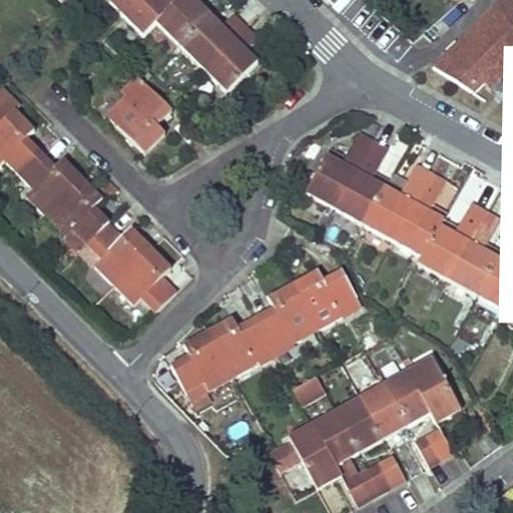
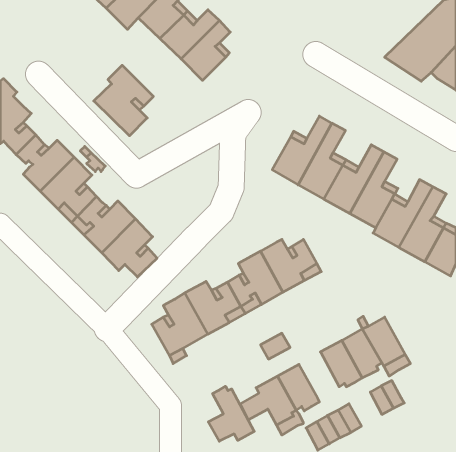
building: [336,395,383,447] -> none
building: none -> [208,386,254,441]

